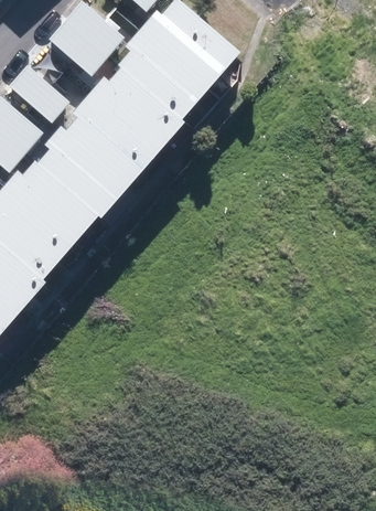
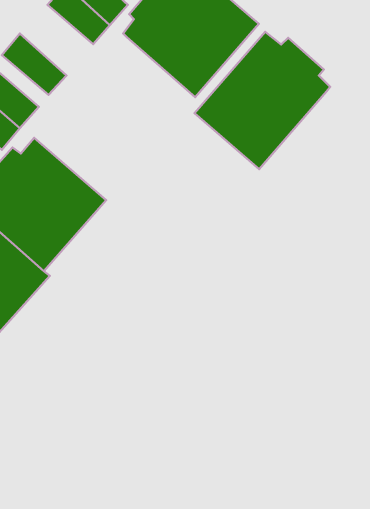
building: none -> [194,32,330,169]
building: [33,65,184,217] -> none

